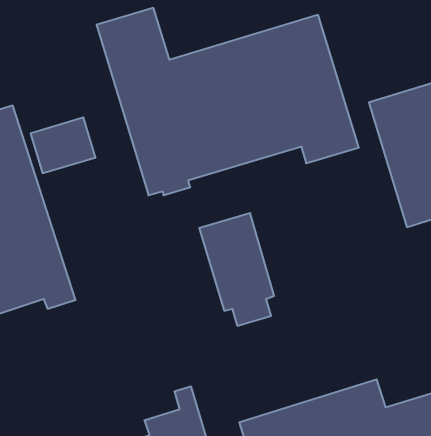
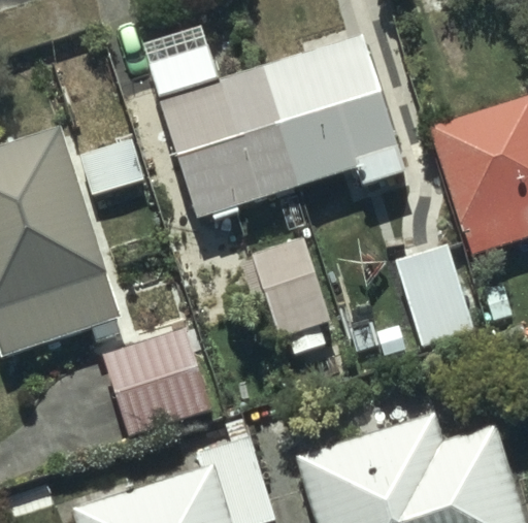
building: none -> [396,236,480,350]
building: none -> [98,325,212,440]

